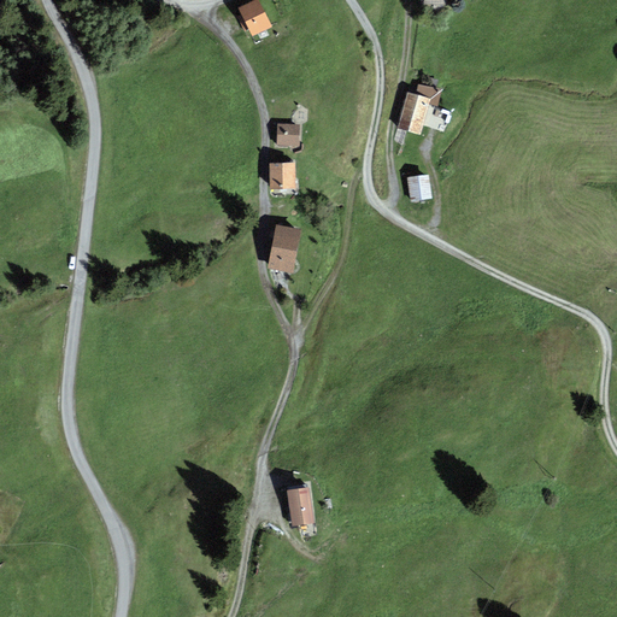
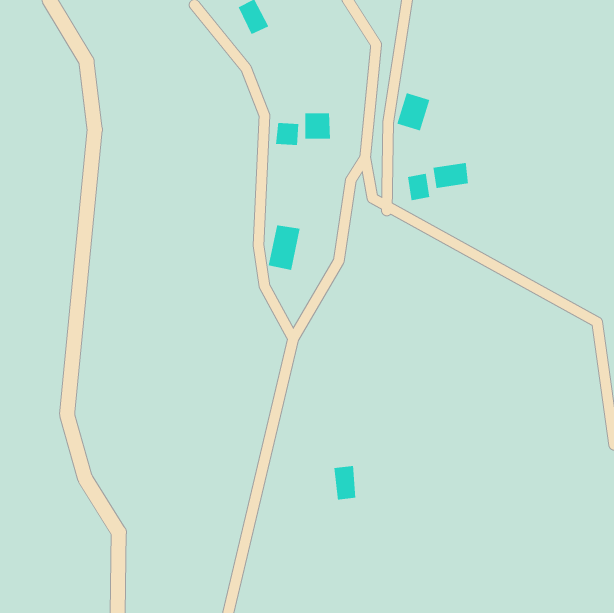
building: none -> [433,162,469,189]
building: [270,163,296,189] -> [305,113,331,139]
building: [288,486,311,521] -> [333,465,356,500]

